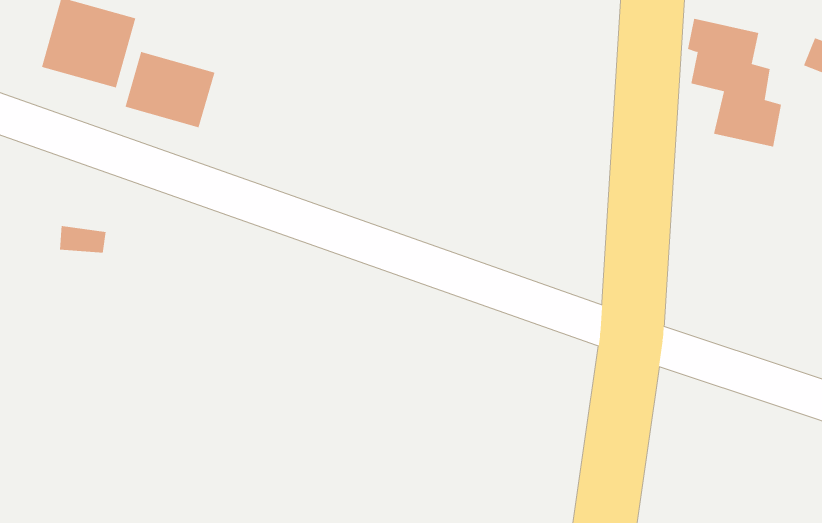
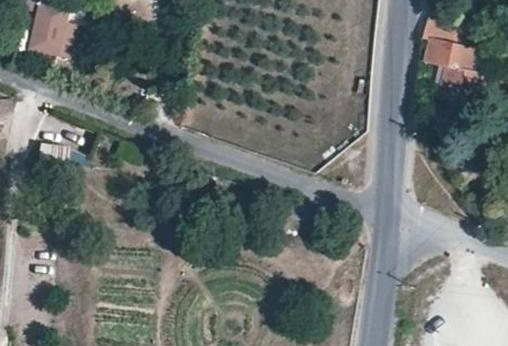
building: [125,51,215,128] -> none

